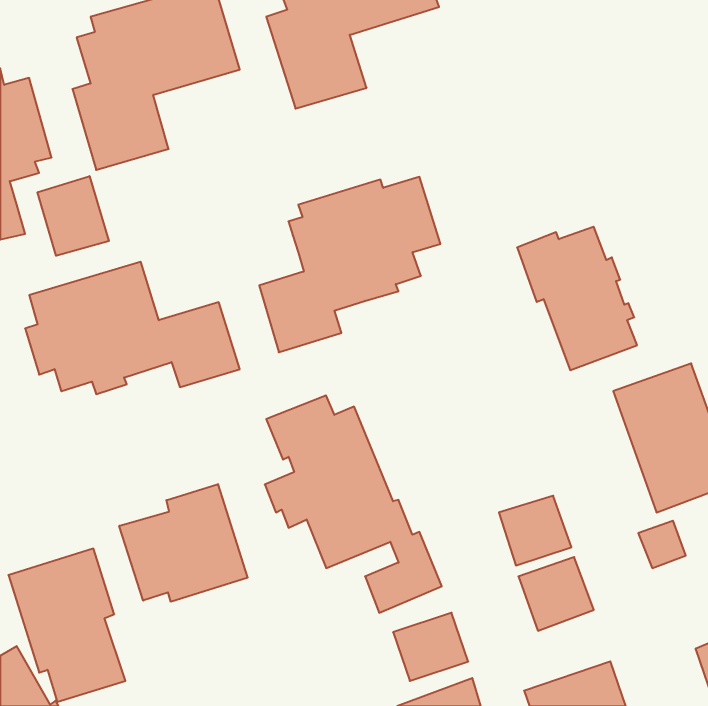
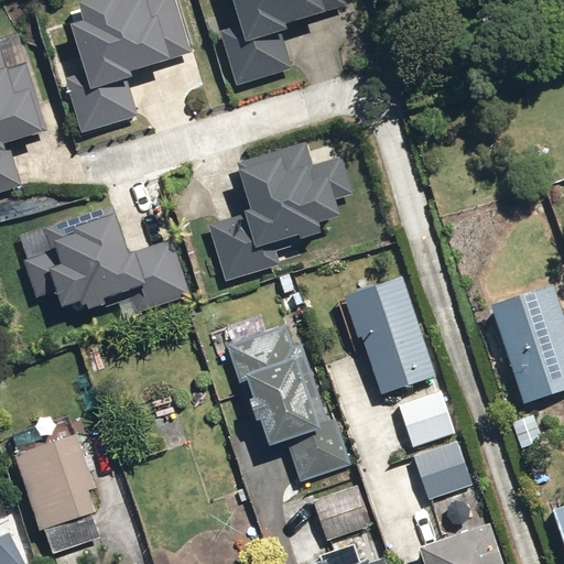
building: [37,176,109,256] -> none
building: [517,227,637,370] -> [338,281,433,394]
building: [119,484,248,602] -> none

